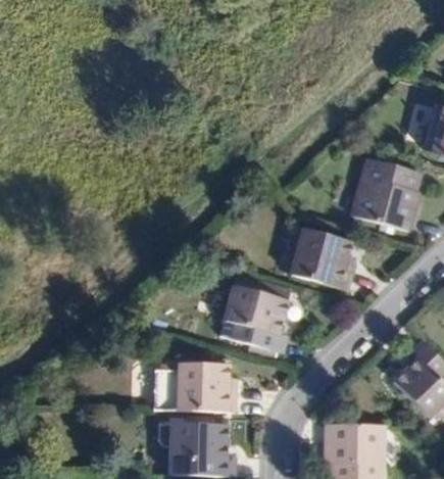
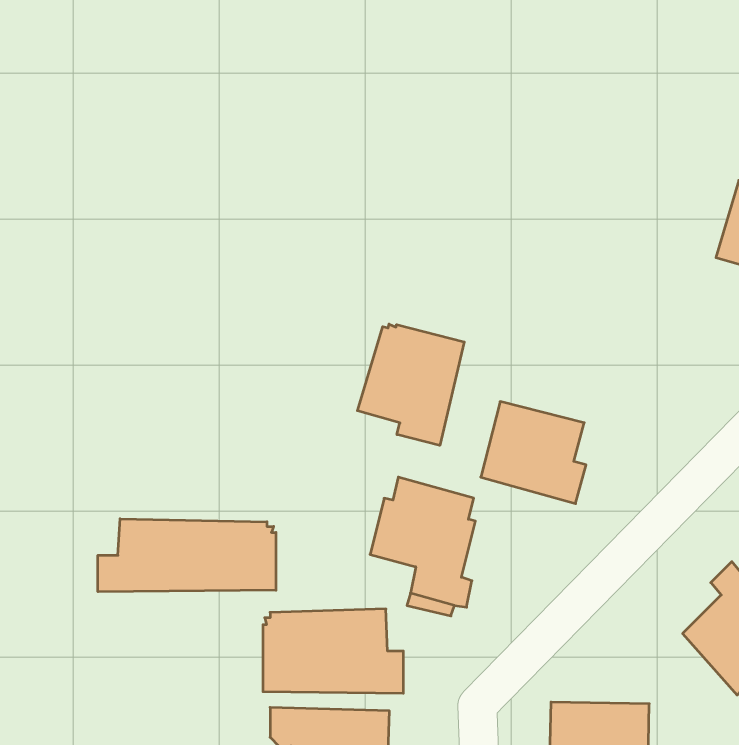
building: [349,171,415,244] -> none
building: none -> [357,324,464,445]
building: none -> [98,519,276,592]

